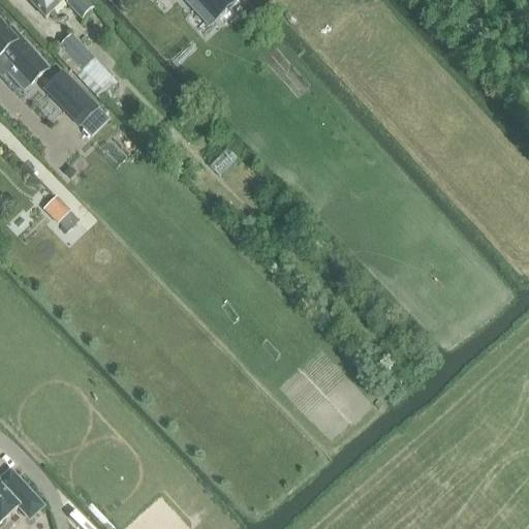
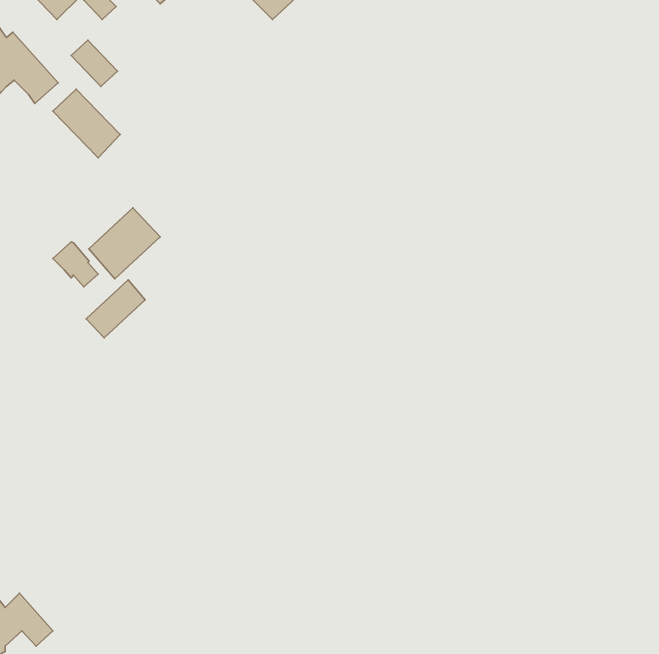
building: none -> [89,208,160,279]
building: none -> [86,280,145,338]

